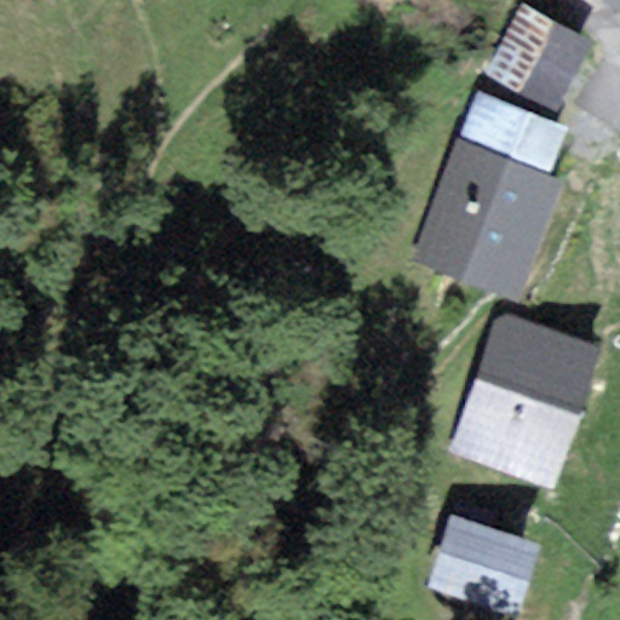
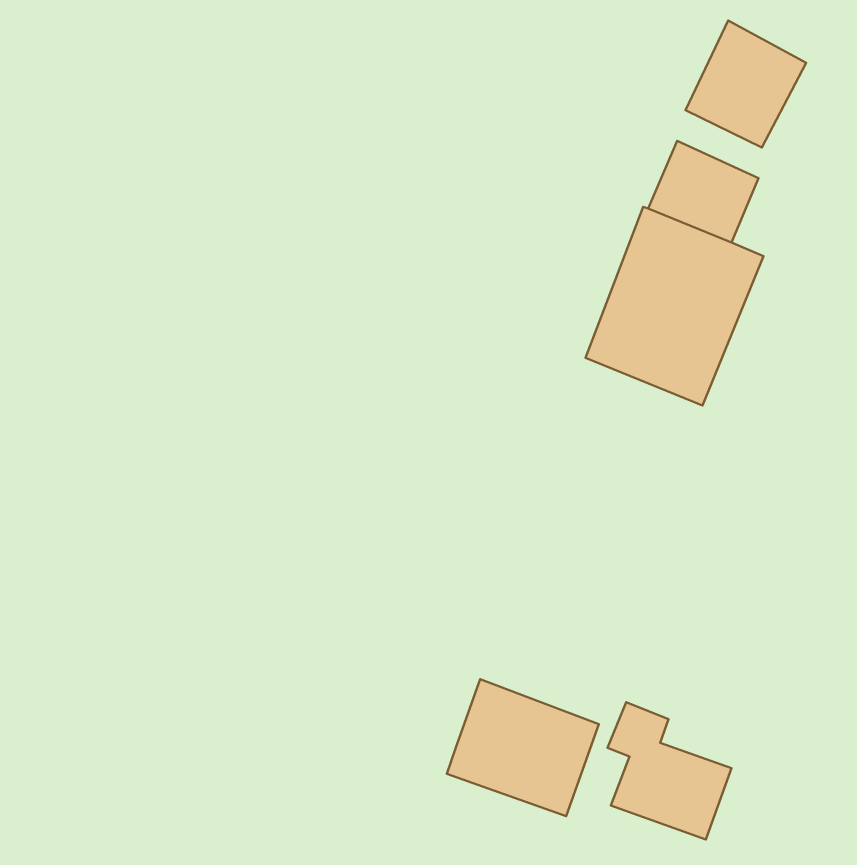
building: [459,323,597,482] -> none
building: none -> [447,679,599,816]

